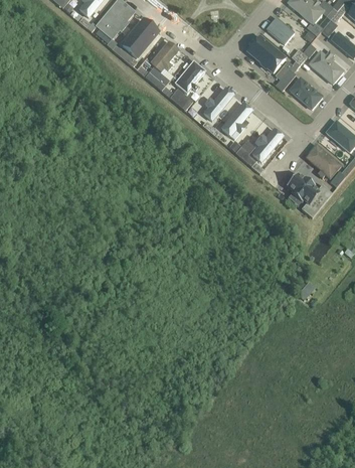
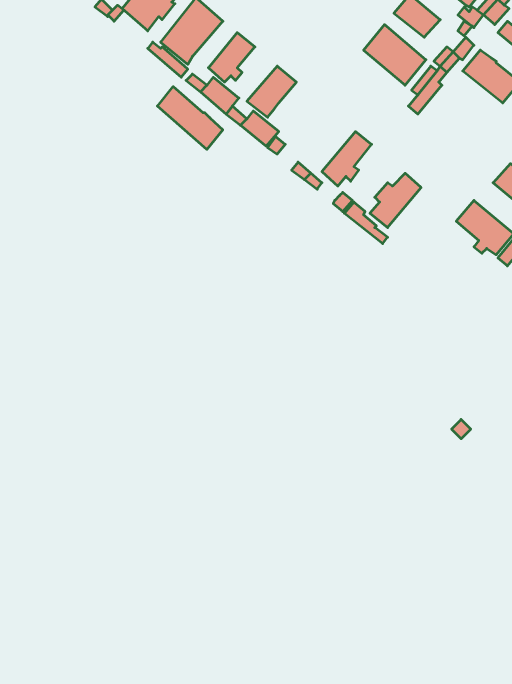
building: none -> [157,87,223,149]
building: [289,76,324,110] -> none
building: [202,87,233,121] -> none
building: [285,173,331,217] -> none

